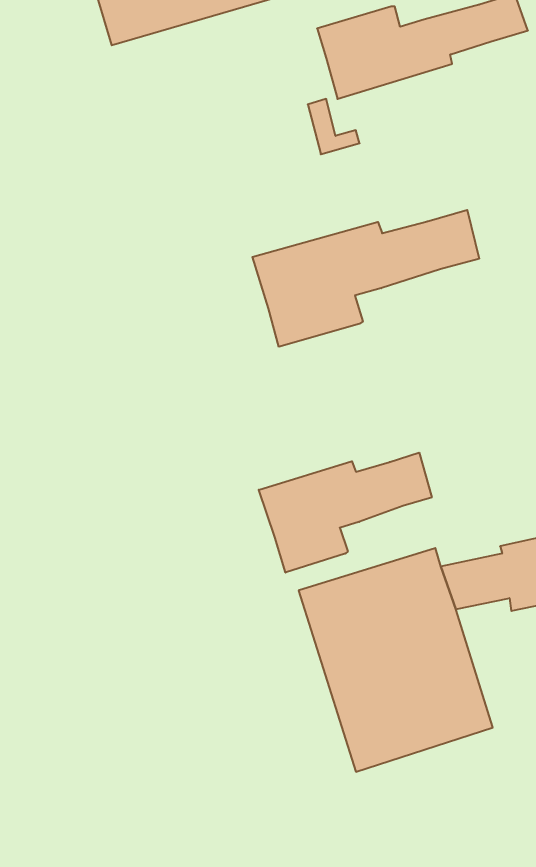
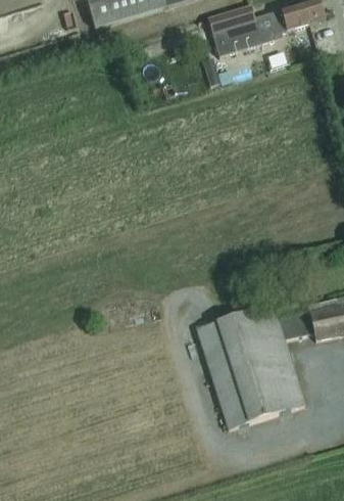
building: [252,210,479,347] -> none
building: [259,453,432,573] -> none

